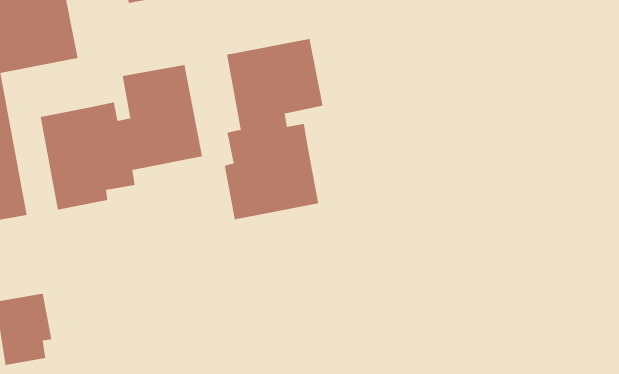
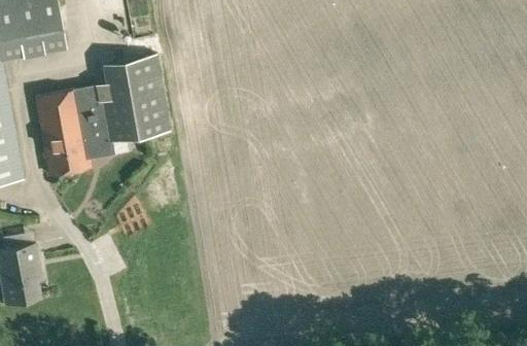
building: [224,38,323,220] -> none

